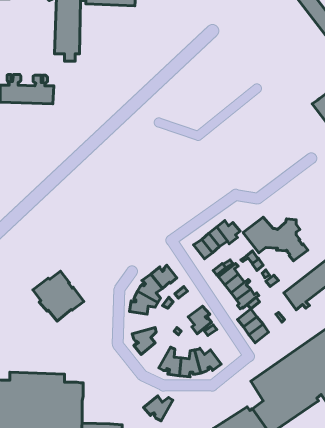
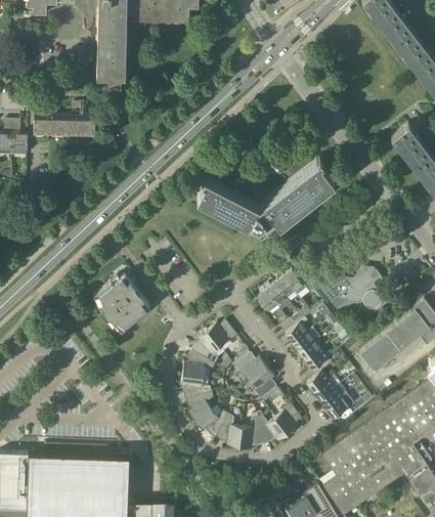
building: none -> [197,159,334,228]
building: [33,271,84,321] -> [93,274,151,332]
building: none -> [234,353,266,381]
building: none -> [180,375,212,400]
building: none -> [327,395,365,419]
building: none -> [275,404,302,435]
building: [143,396,173,421] -> [195,411,229,439]

